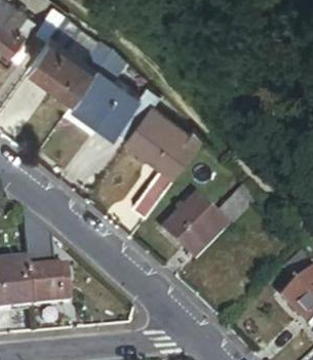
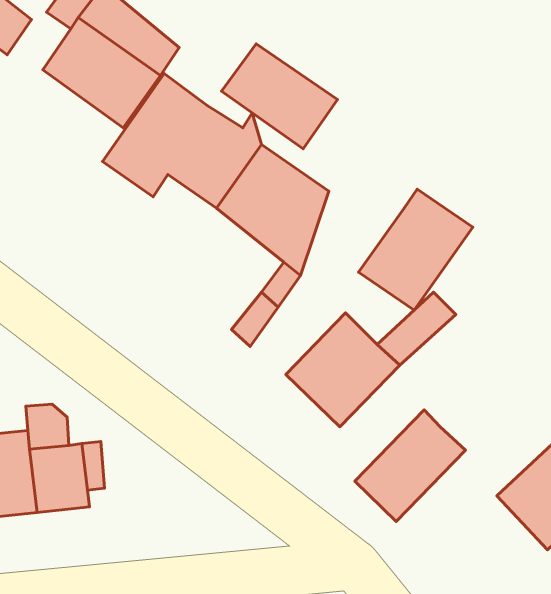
building: none -> [221,44,337,149]
building: none -> [359,189,473,310]
building: none -> [355,410,465,522]

